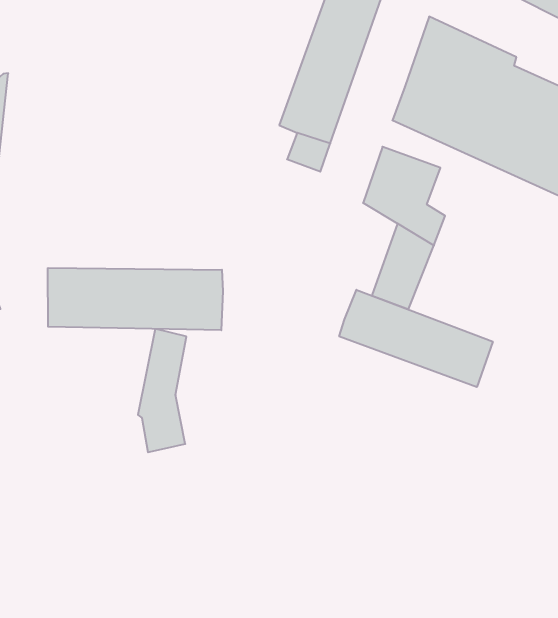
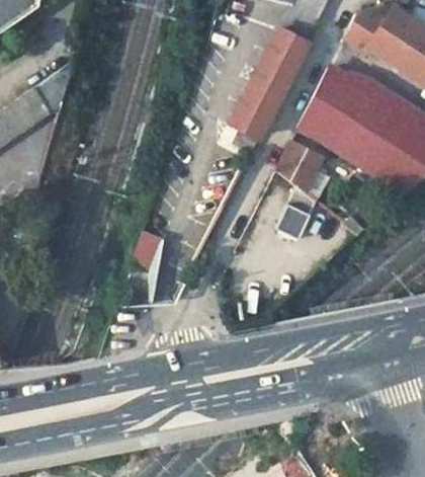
building: [48,268,223,330] -> none
building: [339,290,493,387] -> none

